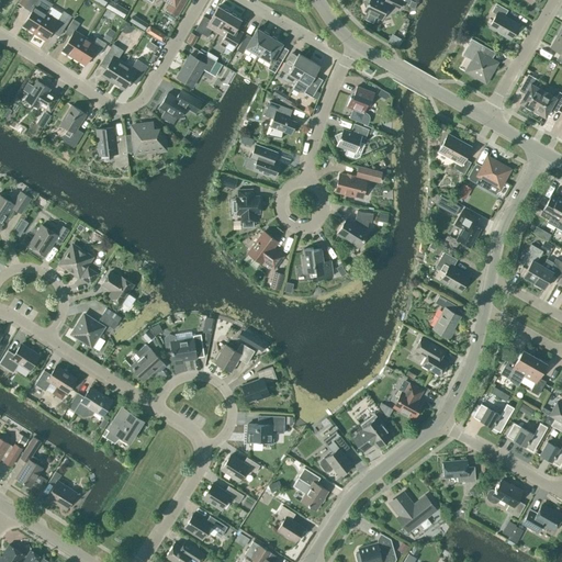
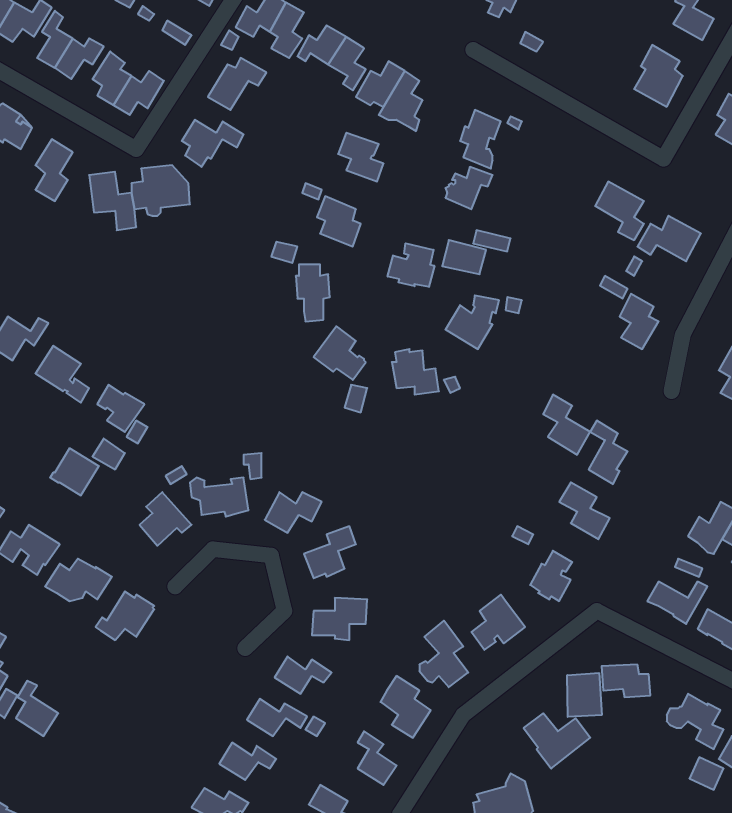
building: none -> [388,243,434,287]
building: [438,251,470,292] -> [543,395,590,455]
building: none -> [567,673,602,717]

